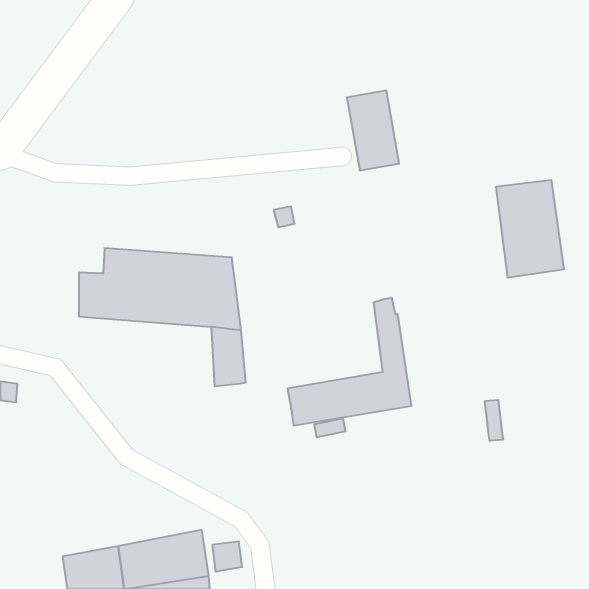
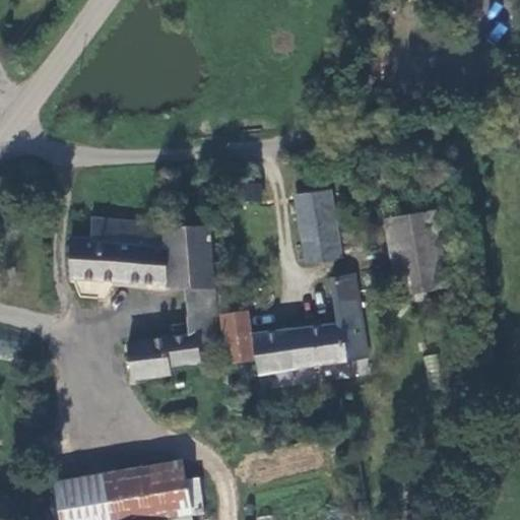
building: [347,90,399,170] -> [294,190,339,260]
building: [496,180,564,277] -> [385,207,445,292]
building: none -> [221,314,258,364]
building: none -> [130,336,213,379]

